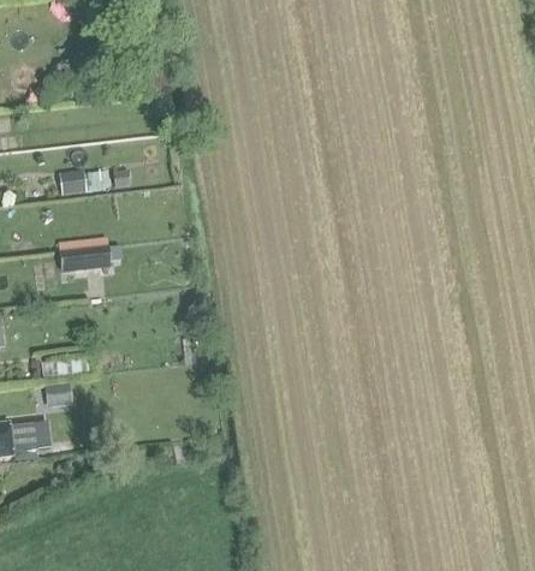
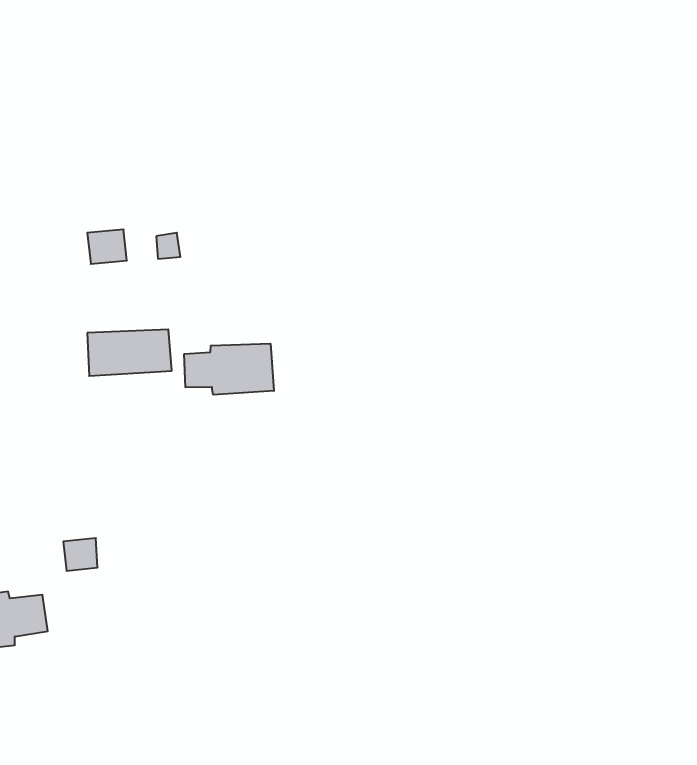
building: none -> [184,344,274,395]

